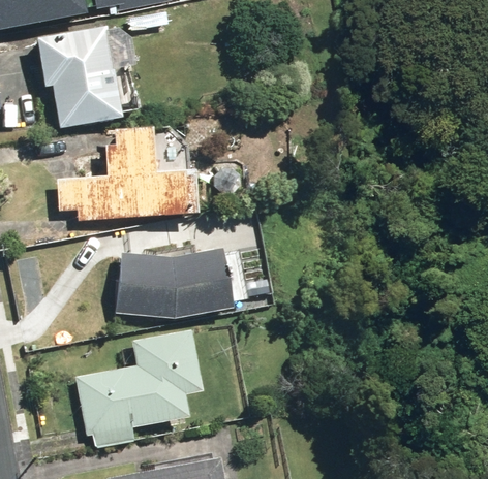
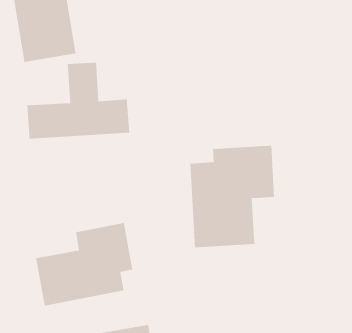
building: none -> [190,145,275,248]
building: [118,248,232,321] -> none

